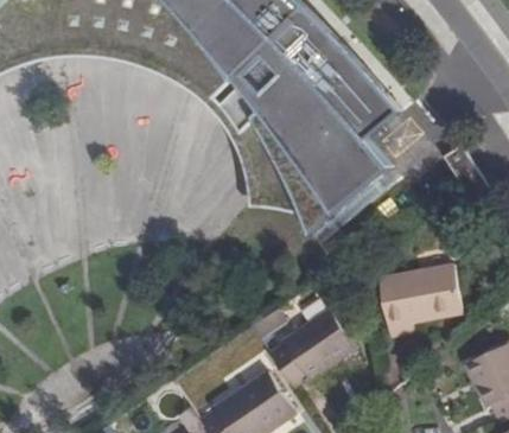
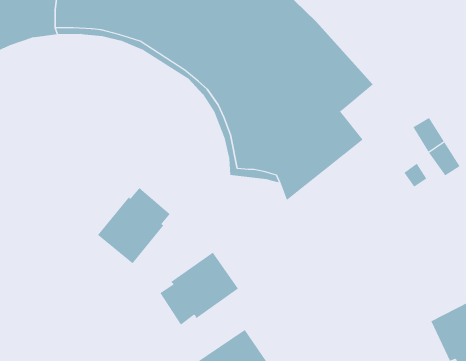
building: none -> [97,187,171,264]
building: [380,261,463,333] -> none
building: [271,307,355,386] -> [159,252,239,325]

